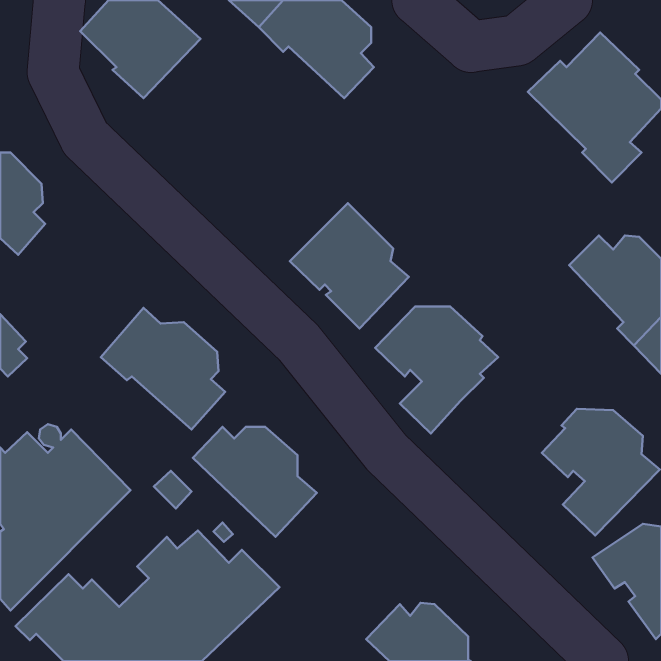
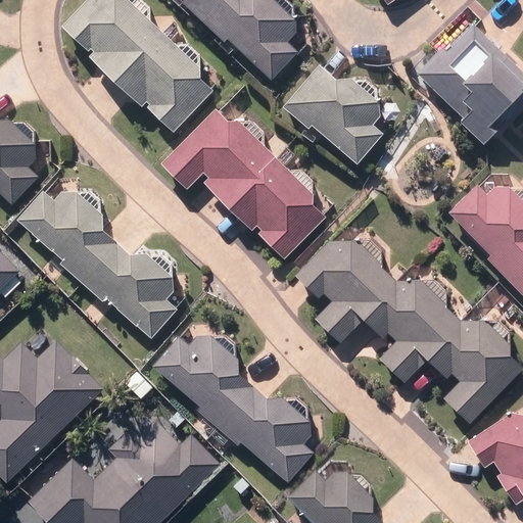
building: none -> [113,31,211,131]
building: none -> [282,66,380,163]
building: none -> [161,112,275,206]
building: none -> [17,191,113,282]
building: none -> [364,282,456,381]
building: none -> [218,389,313,481]

